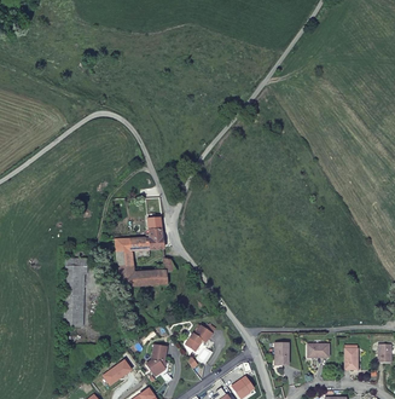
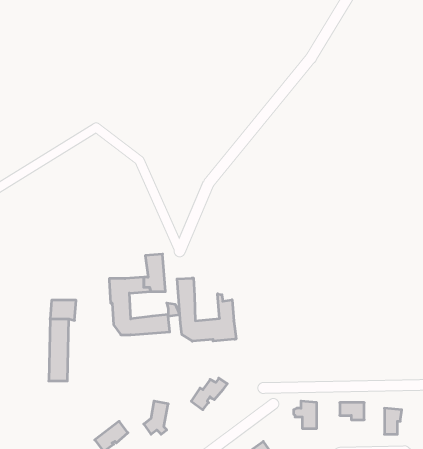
building: none -> [177,278,236,341]

